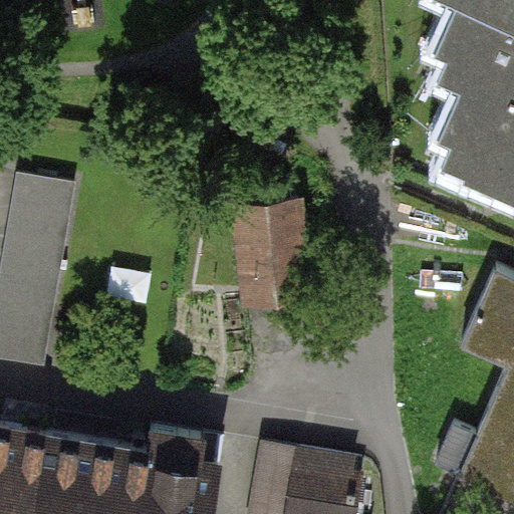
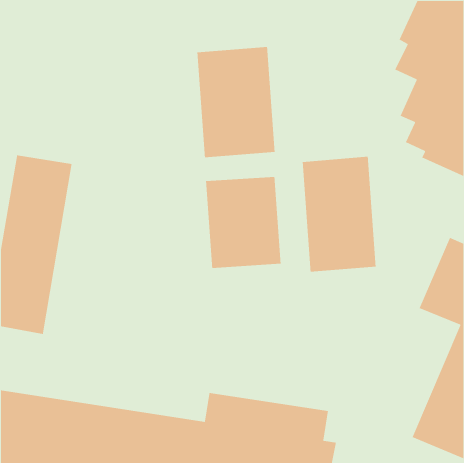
building: none -> [196,46,276,158]
building: none -> [302,156,376,273]

